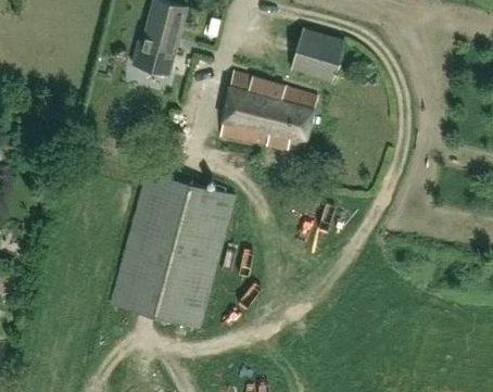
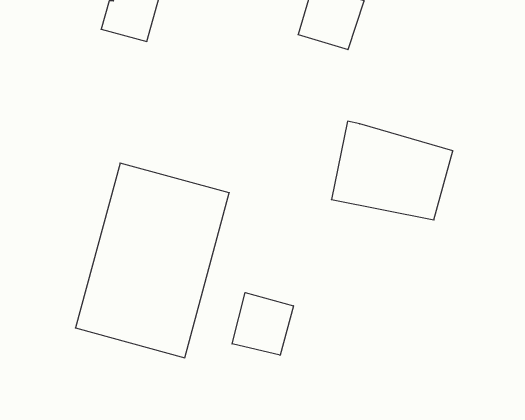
building: [219,73,317,152] -> [331,121,453,220]
building: none -> [232,293,293,355]

